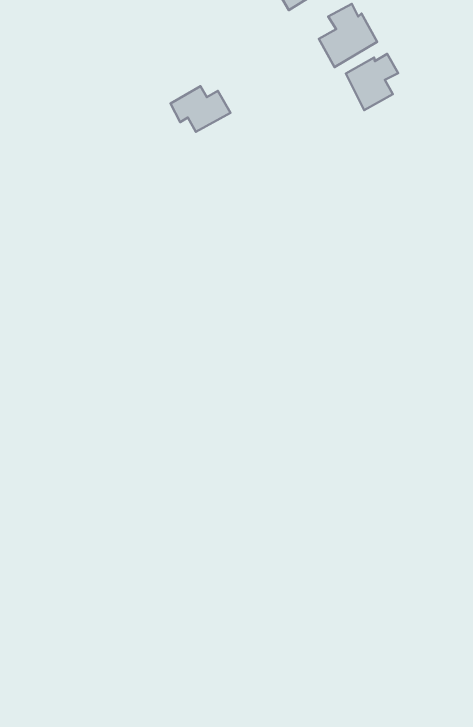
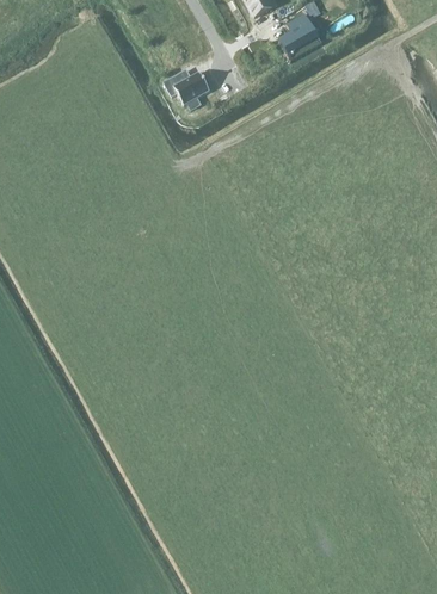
building: [346,54,398,110] -> none

